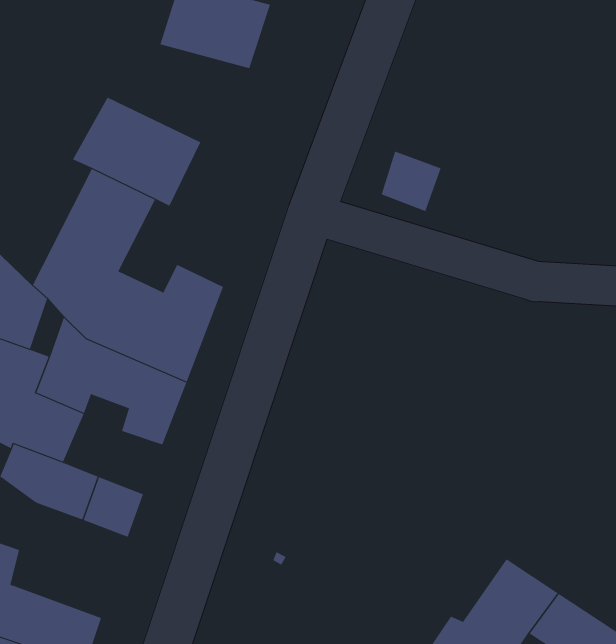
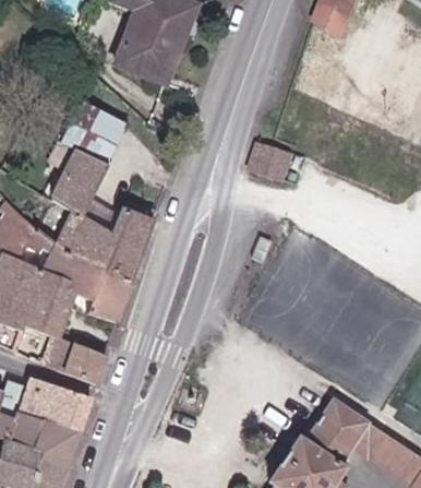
building: none -> [23,383,89,435]

